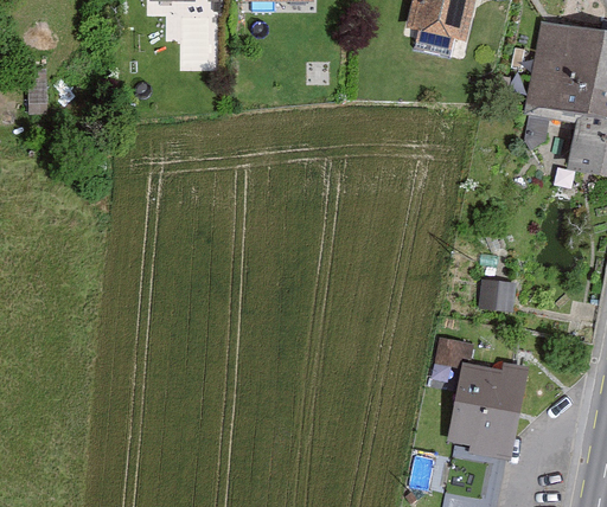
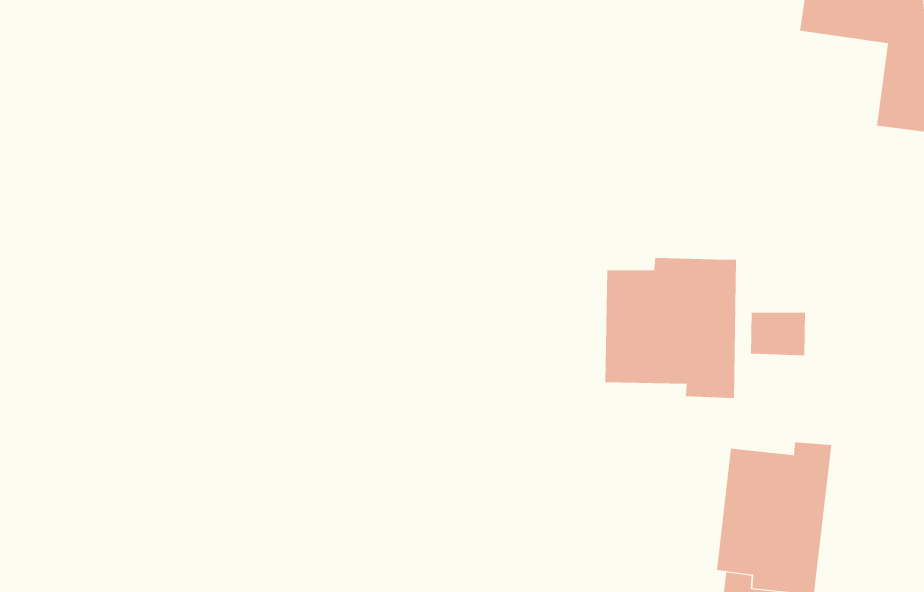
building: none -> [605,257,736,399]

